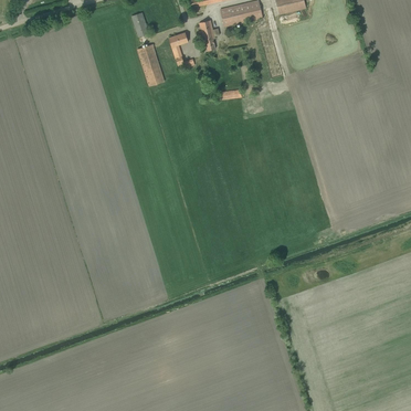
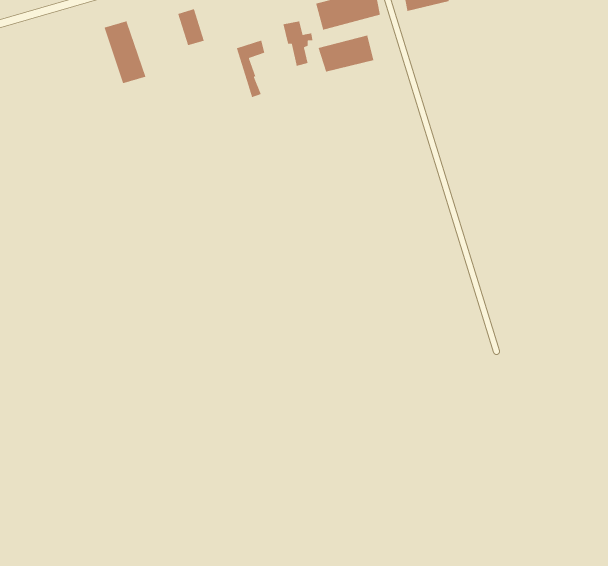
building: none -> [318,35,375,73]
building: [137,44,165,85] -> [103,20,147,84]

